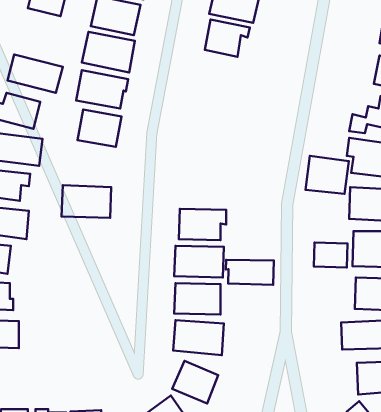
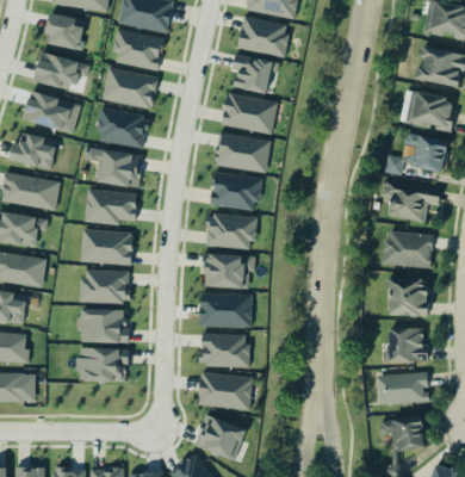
building: none -> [32,51,89,91]
building: none -> [222,94,277,132]
building: none -> [213,132,269,172]
building: none -> [210,173,260,210]
building: none -> [83,187,137,225]
building: [305,156,349,194] -> none
building: none -> [205,213,255,248]
building: none -> [80,270,130,303]
building: [314,243,348,268] -> none
building: none -> [79,308,126,342]
building: [226,260,274,285] -> none
building: none -> [78,347,128,382]

